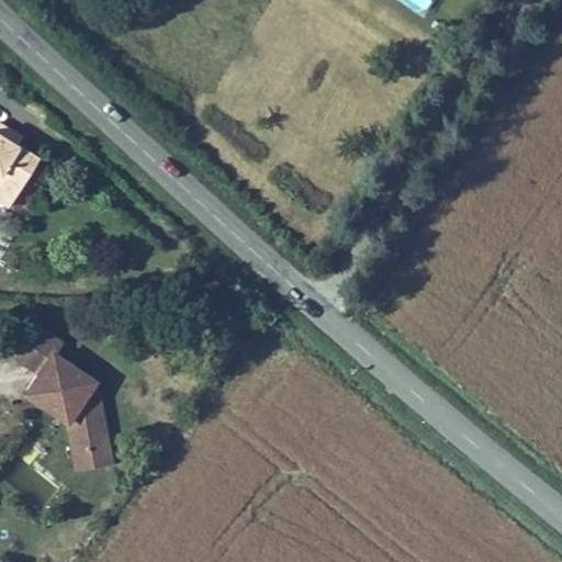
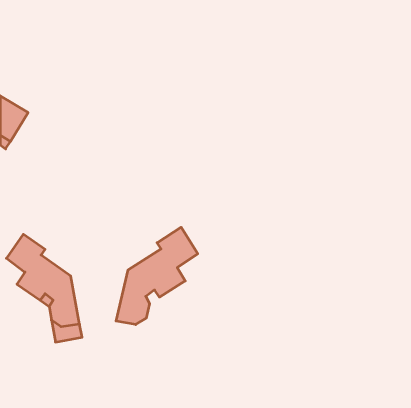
building: none -> [116,227,198,325]

